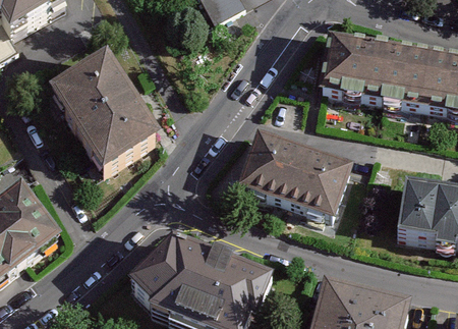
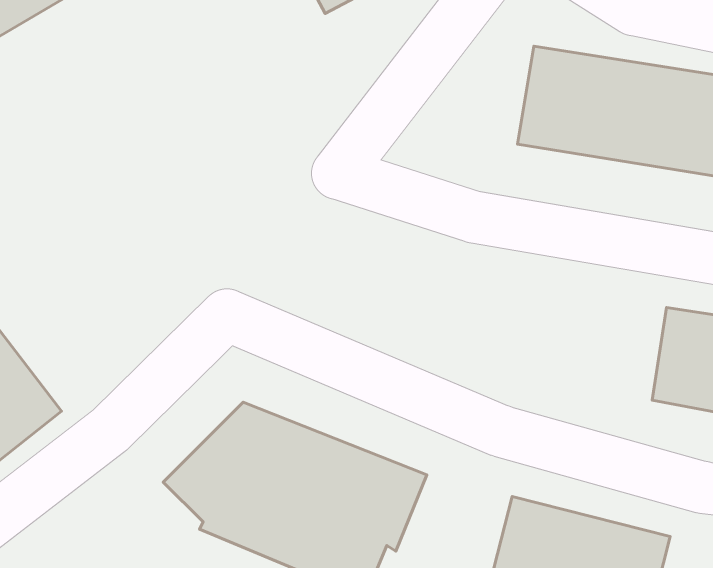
building: [54,51,169,175] -> none
building: [234,130,349,215] -> none

